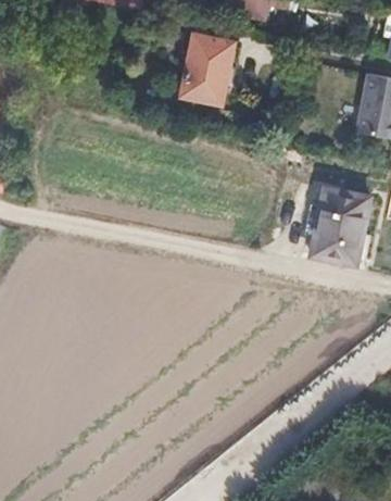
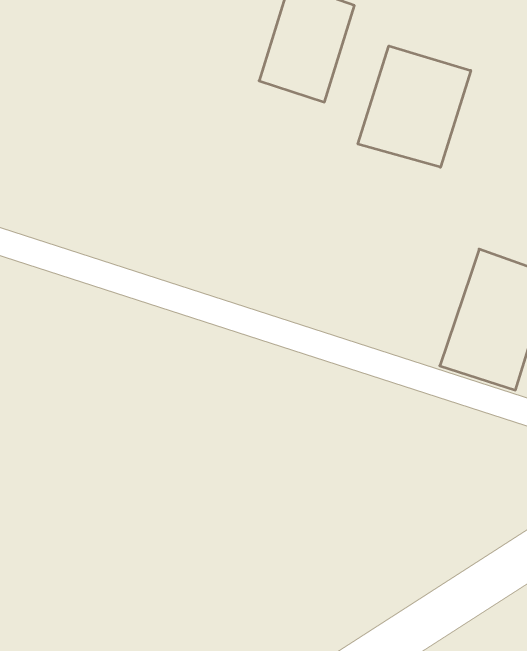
building: none -> [358,46,471,167]

